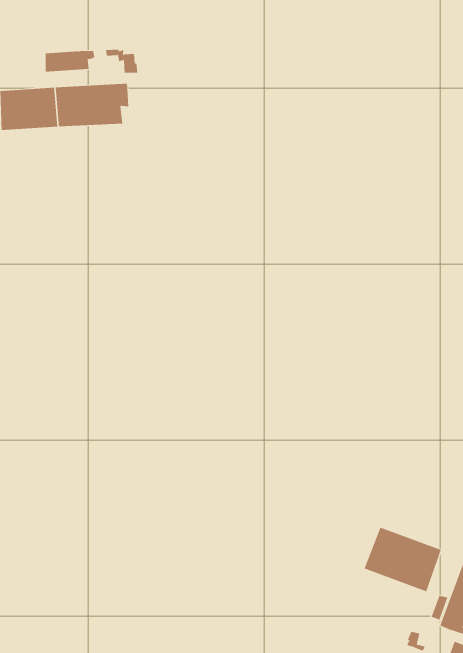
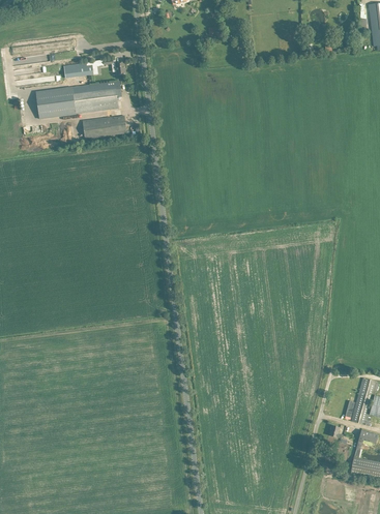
building: none -> [82,115,126,140]
building: [364,527,441,592] -> none

